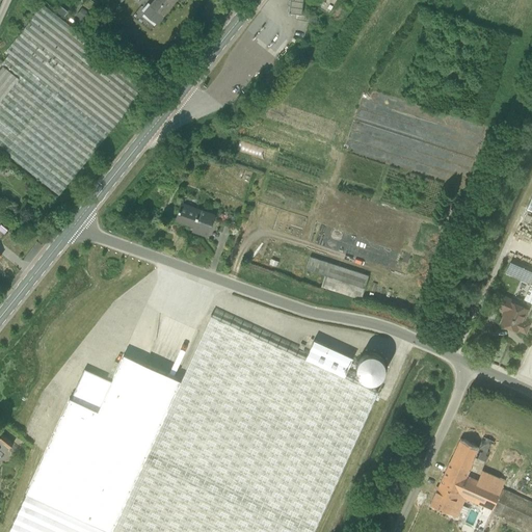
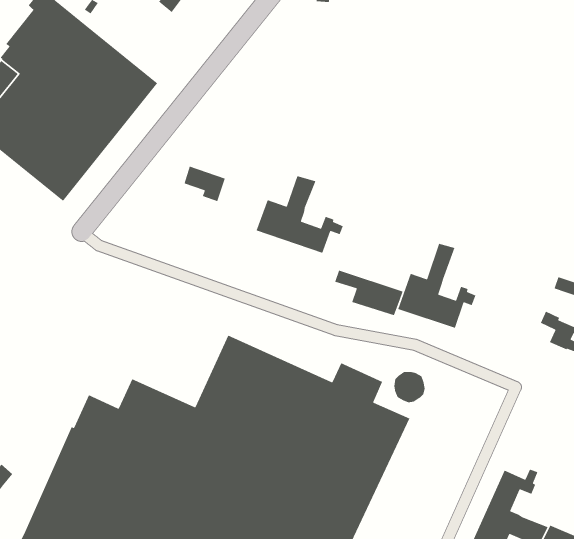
building: none -> [256,175,344,254]
building: [177,205,215,238] -> [183,166,226,202]
building: none -> [397,243,476,329]

